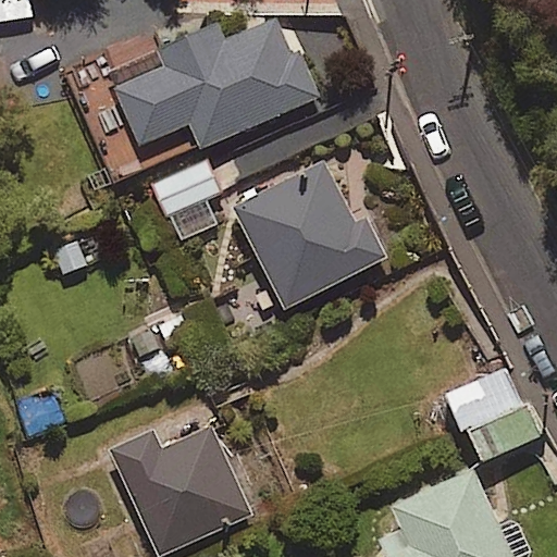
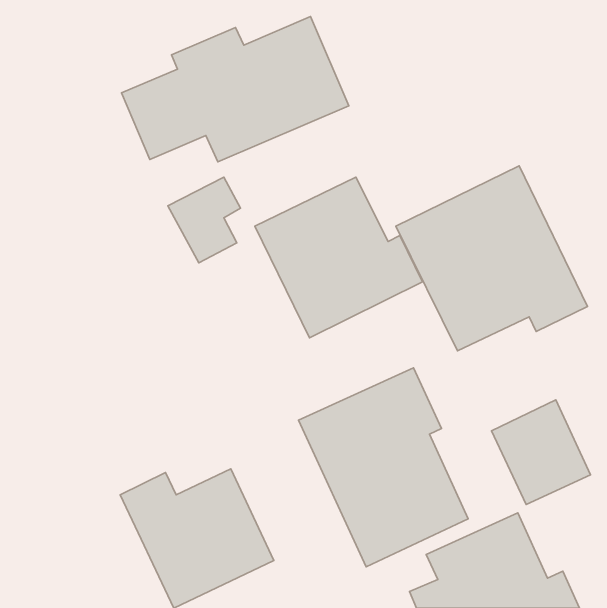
building: none -> [396,166,587,351]
building: none -> [298,368,468,567]

